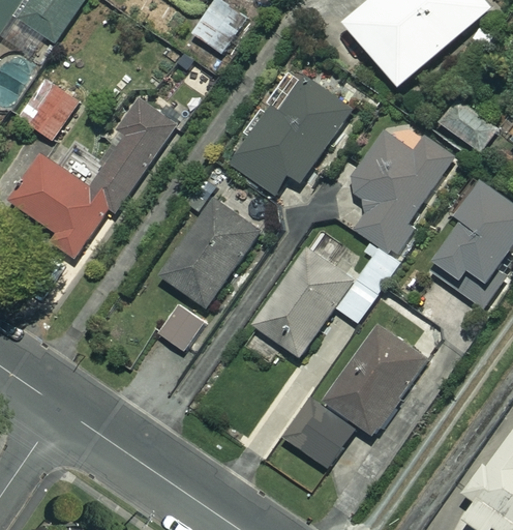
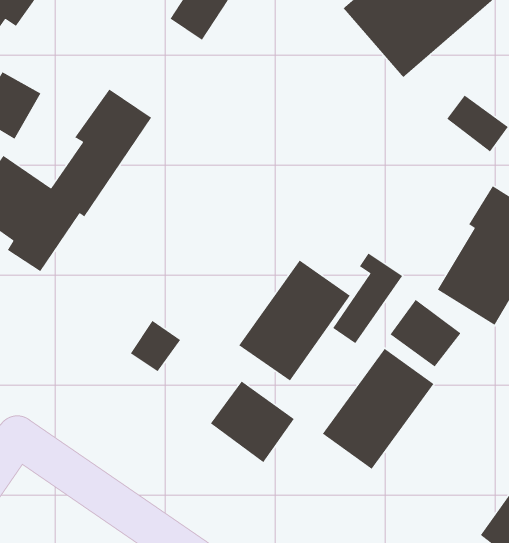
building: [233,76,351,193] -> none
building: [345,130,452,251] -> none
building: [160,197,260,306] -> none
building: none -> [390,299,461,367]
building: [281,395,357,469] -> [210,381,295,463]

